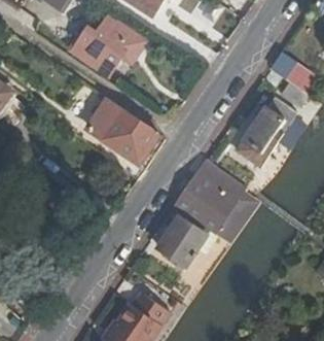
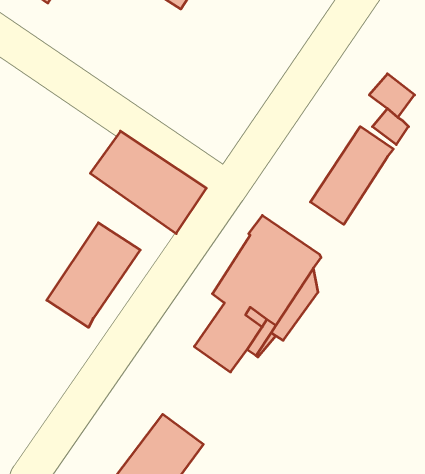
building: [69,19,141,76] -> none
building: none -> [47,223,140,327]

